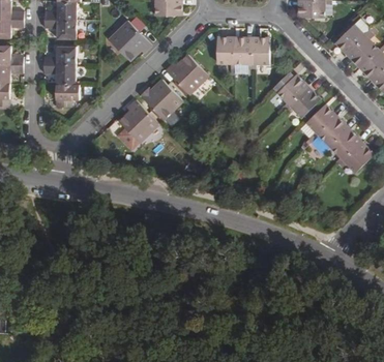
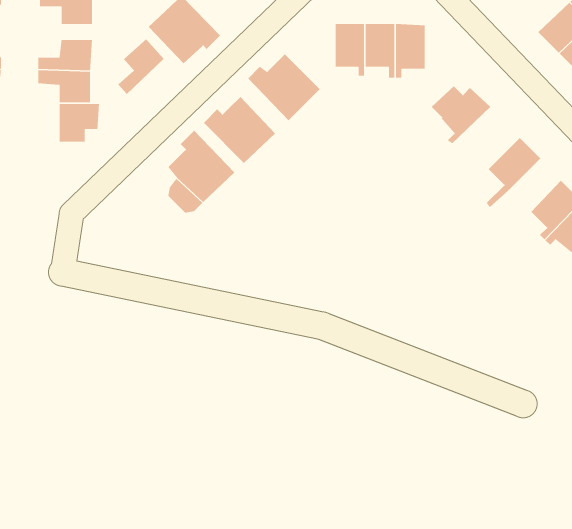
building: none -> [118,38,164,95]
building: [284,86,319,117] -> none
building: [317,116,347,151] -> none

